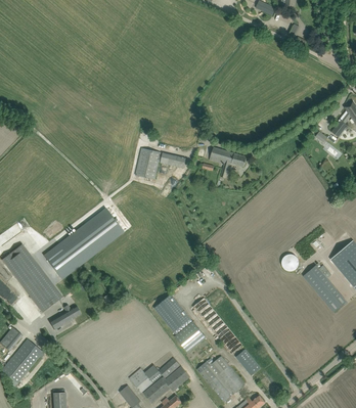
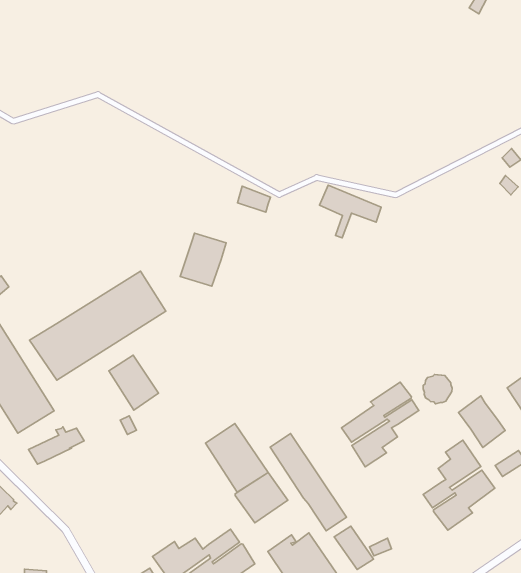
building: [135,148,161,179] -> [180,233,226,286]
building: none -> [109,355,158,410]
building: none -> [341,382,419,467]
building: none -> [423,440,495,530]

